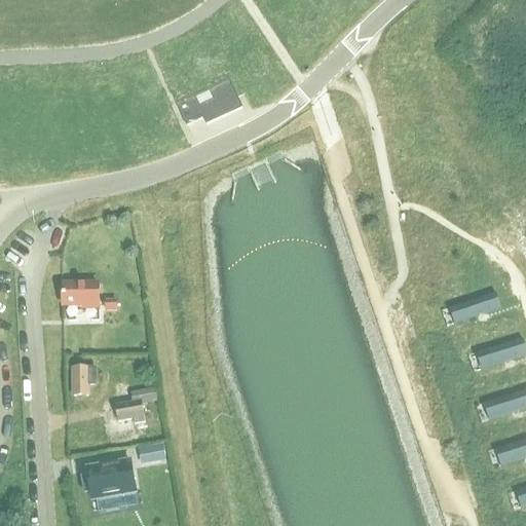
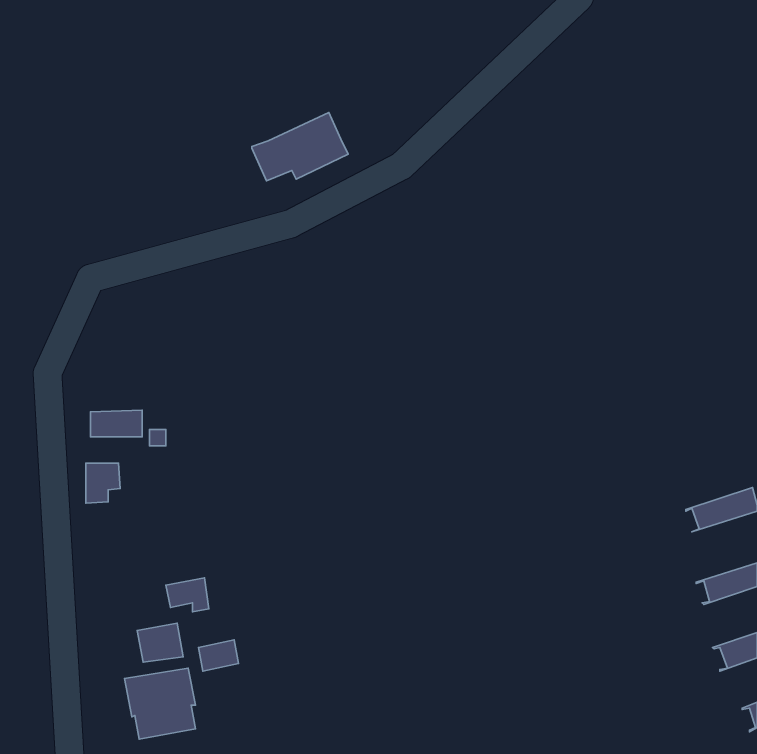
building: [448,291,500,322] -> none
building: [73,368,97,396] -> [86,463,120,503]
building: none -> [137,623,183,662]

